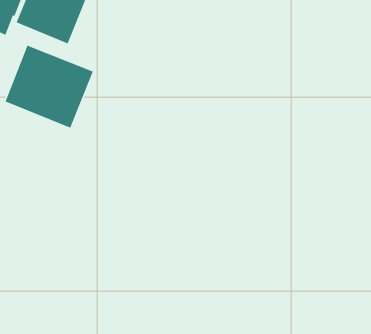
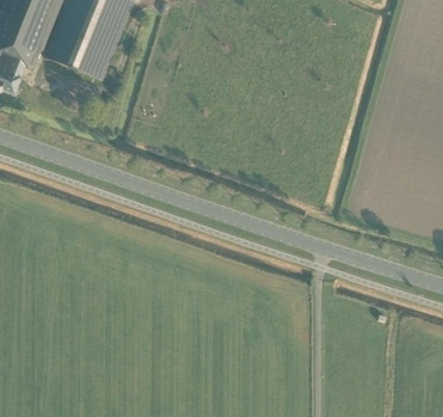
building: [5,45,94,129] -> none

